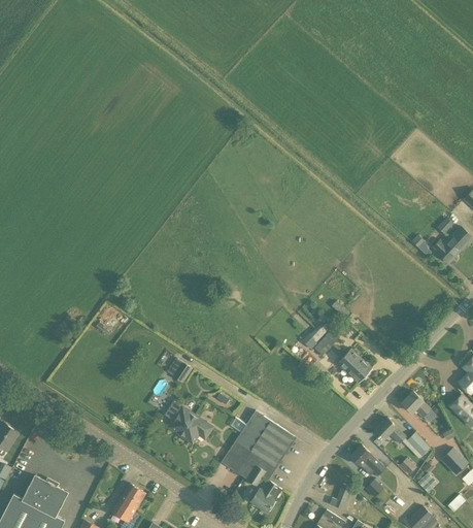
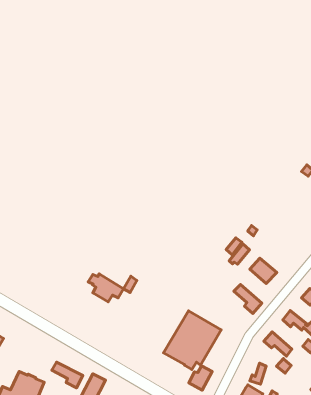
building: none -> [234,284,262,314]
building: [167,406,211,442] -> [88,274,123,302]
building: none -> [52,362,83,388]

